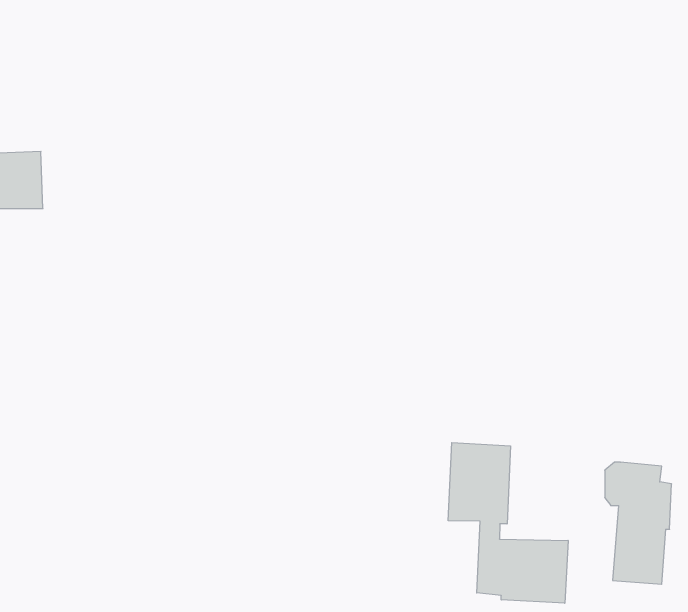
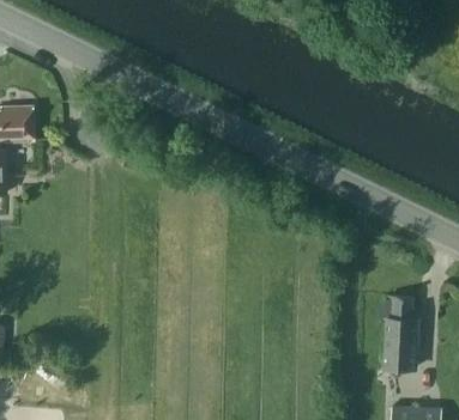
building: [448,443,568,603] -> none

